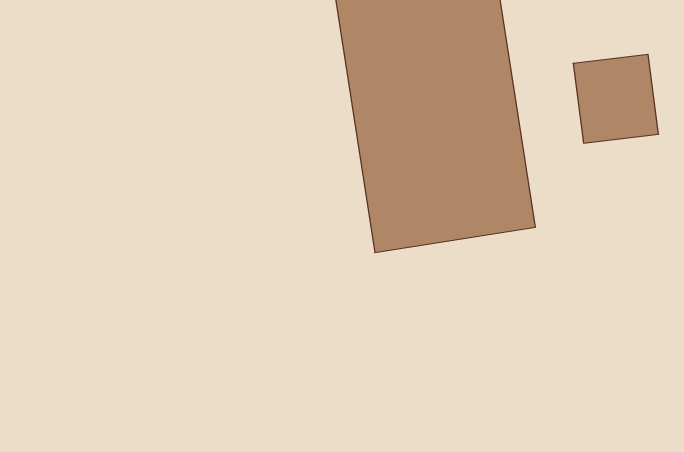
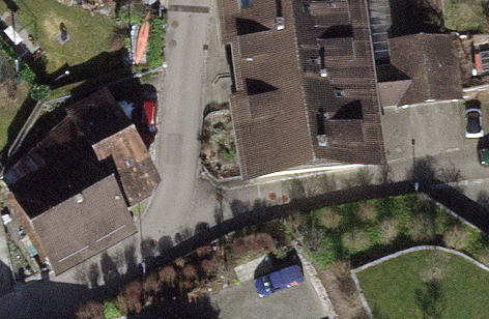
building: none -> [17,105,150,262]

